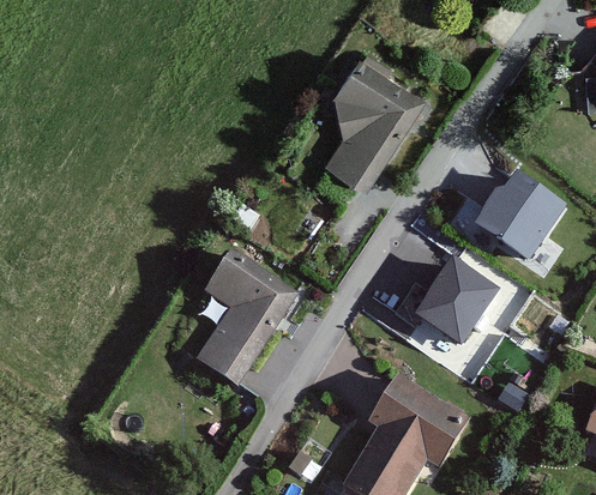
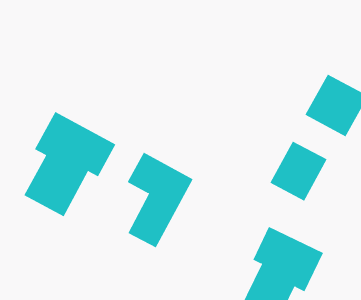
building: [320,58,420,195] -> none
building: none -> [23,111,116,217]

